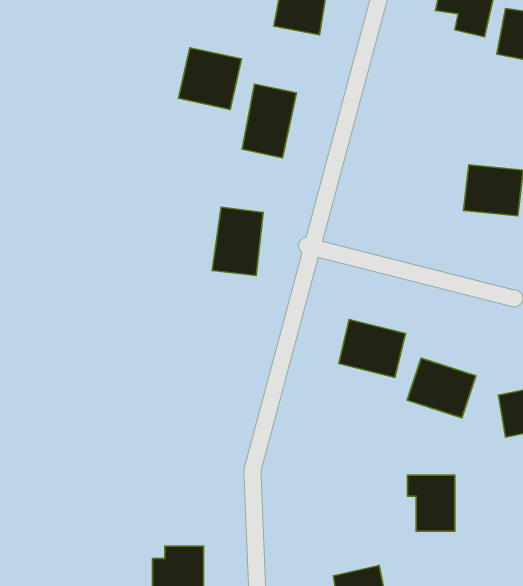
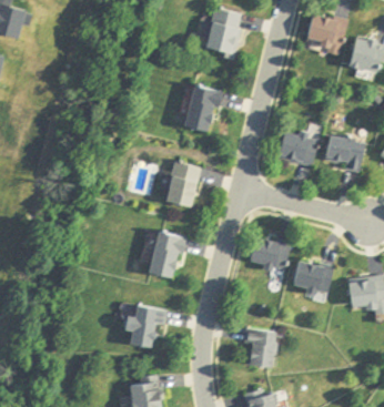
building: [178,48,241,109] -> none
building: none -> [274,128,316,166]
building: none -> [149,231,185,278]
building: none -> [128,303,164,349]
building: [408,475,455,531] -> [244,330,274,366]

